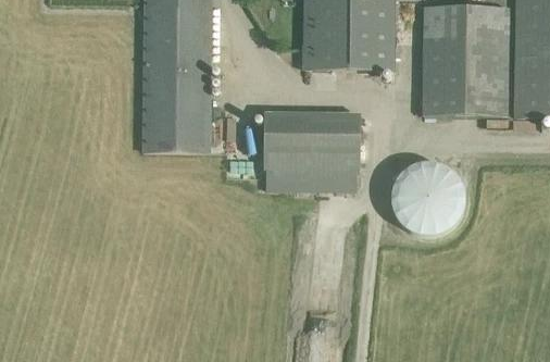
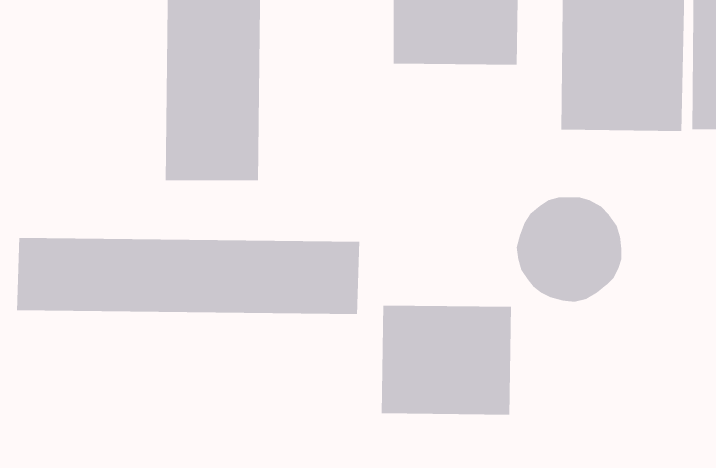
building: [267,113,360,191] -> [381,305,512,416]
building: none -> [16,237,360,315]

